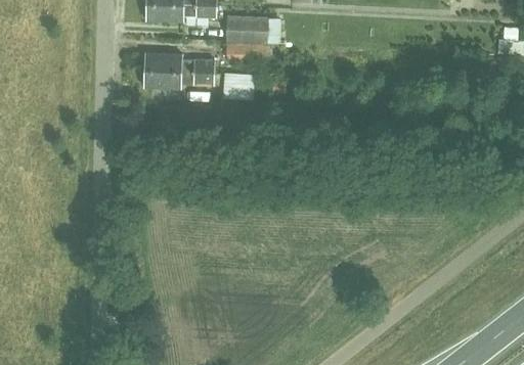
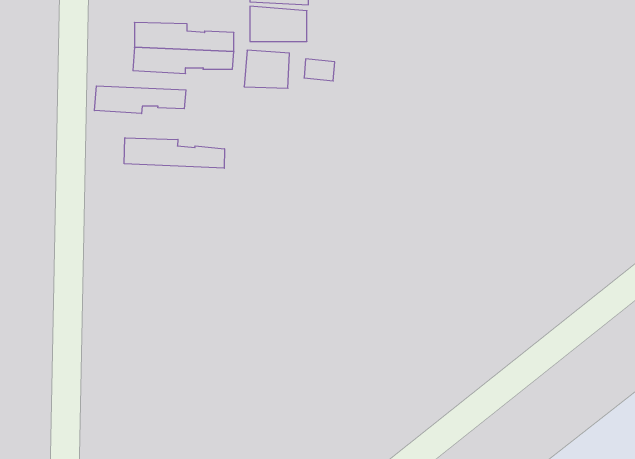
building: none -> [94,86,186,114]
building: none -> [124,138,224,168]

